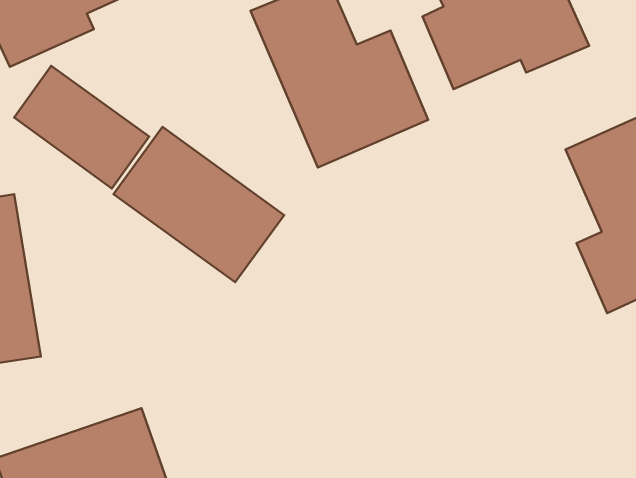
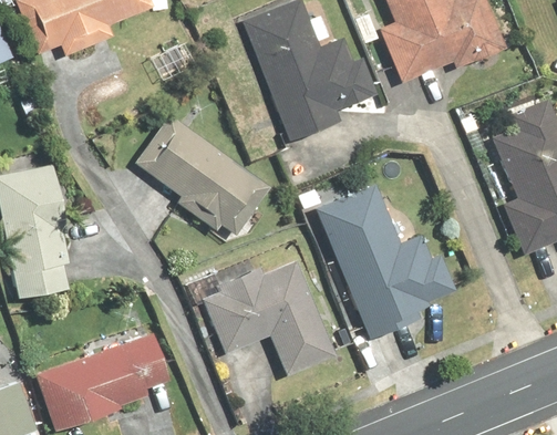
building: [14,66,149,188] -> none
building: none -> [317,182,453,331]
building: none -> [200,252,334,375]

